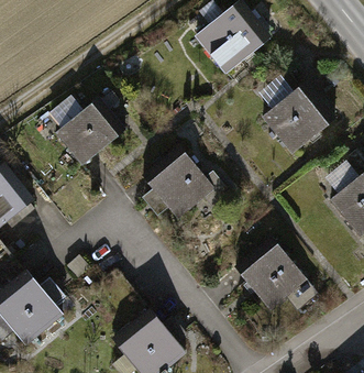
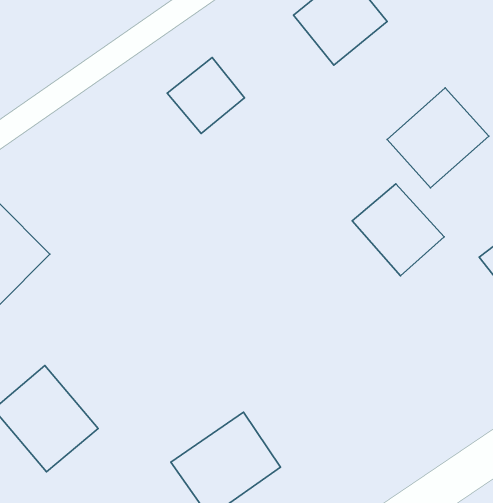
building: [57,110,110,162] -> [167,58,245,133]
building: [146,152,208,212] -> none
building: [242,242,305,305] -> [352,184,444,276]

